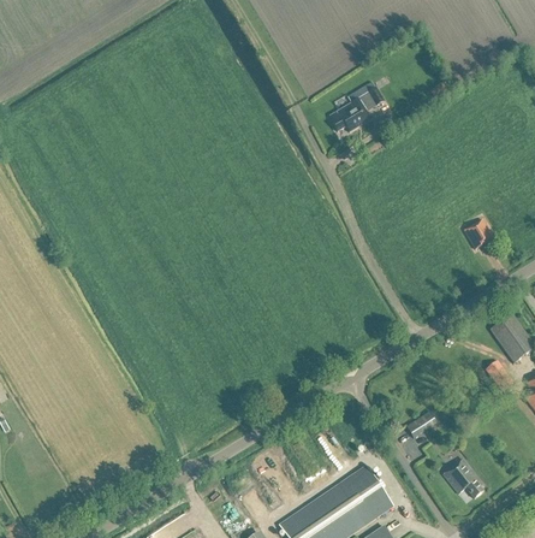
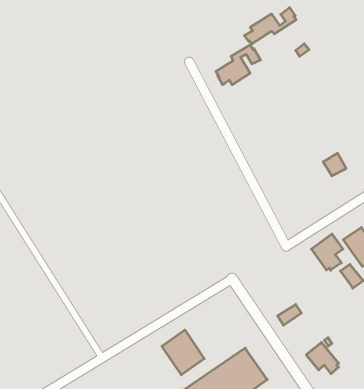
building: none -> [244,8,296,44]
building: none -> [311,234,343,270]
building: none -> [162,330,204,375]

